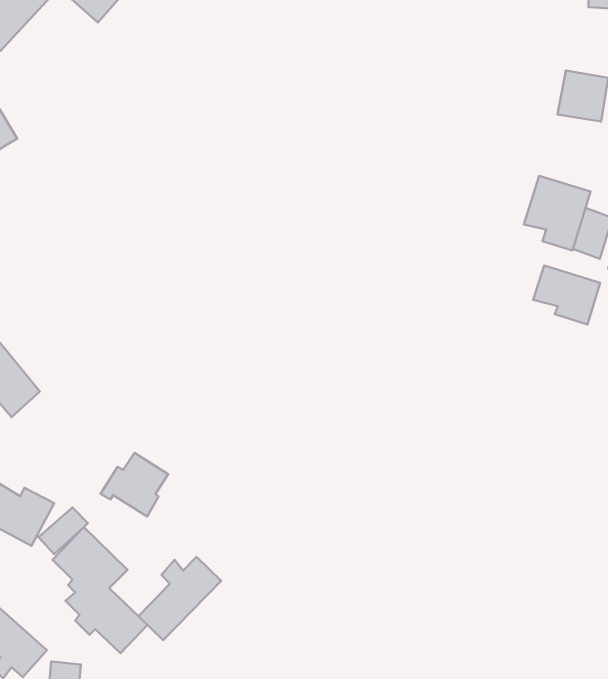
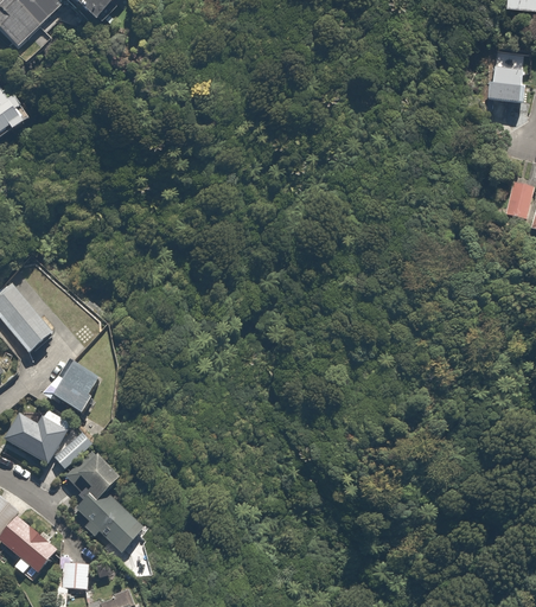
building: [524,176,590,251] -> none
building: [533,265,600,324] -> none
building: [100,453,168,516] -> [44,362,101,415]
building: [139,557,221,640] -> none

